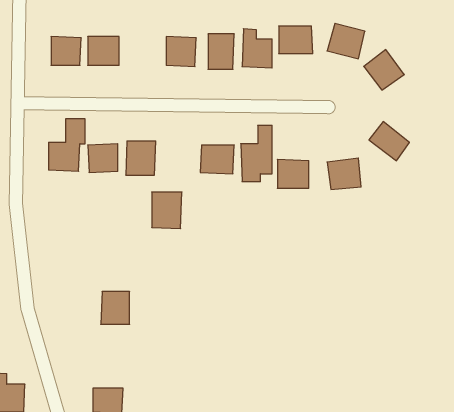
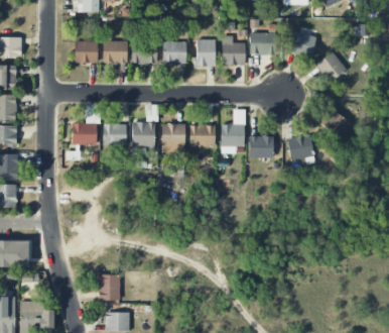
building: none -> [131,40,157,64]
building: [152,192,182,229] -> [162,123,185,151]
building: [101,292,130,324] -> [98,274,120,300]

